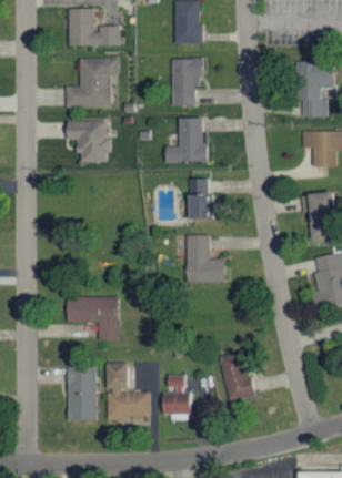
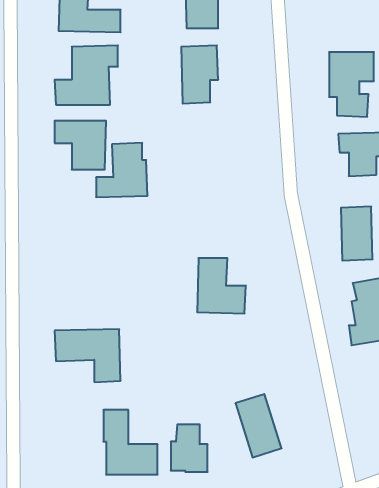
building: [163,118,207,163] -> [96,143,148,197]
building: [187,179,213,220] -> none
building: [66,367,98,421] -> none

